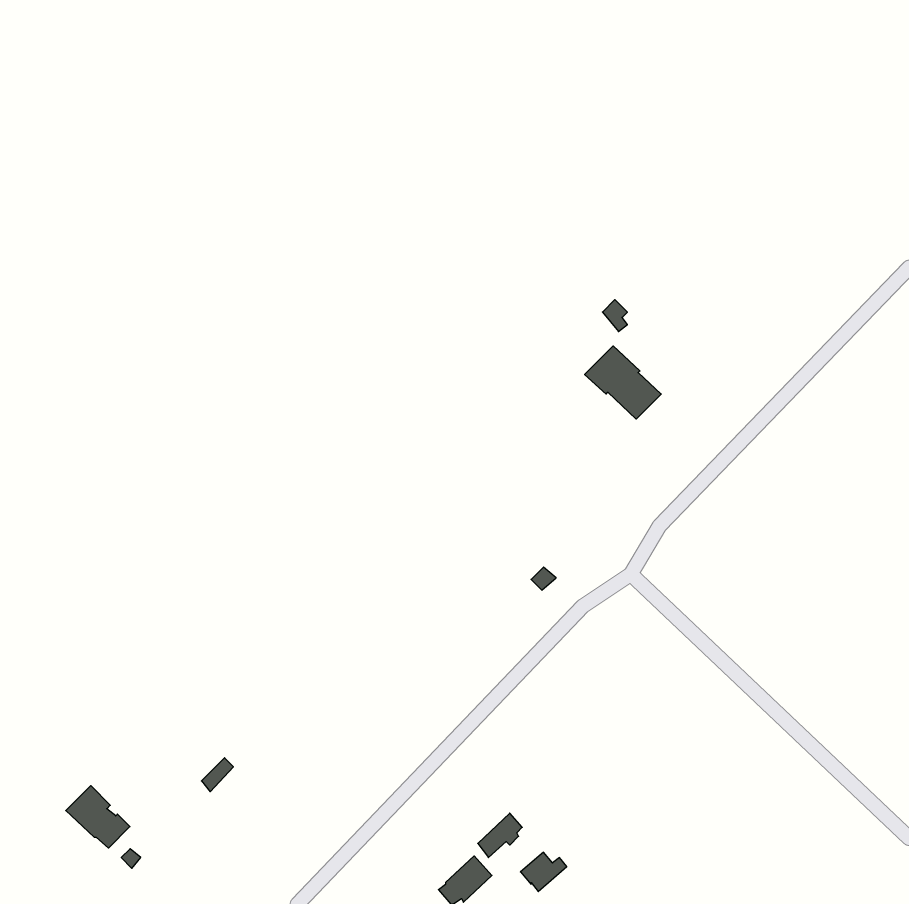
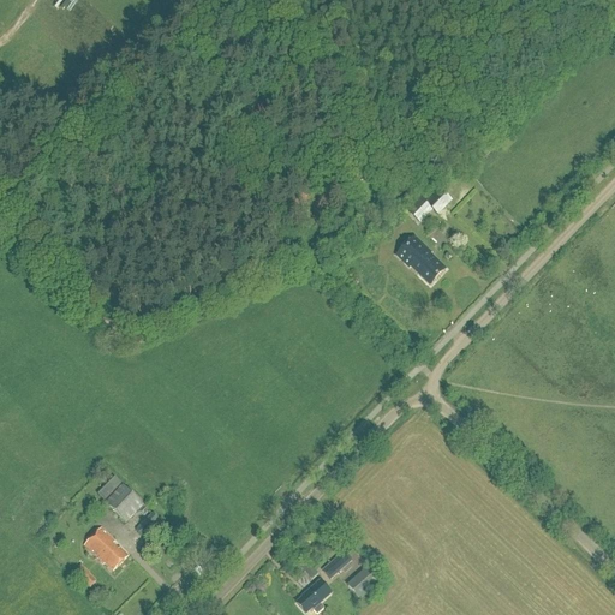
building: none -> [105,482,142,519]
building: [66,786,130,848] -> [84,526,127,568]

